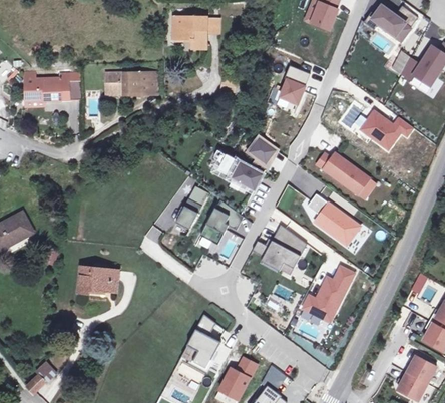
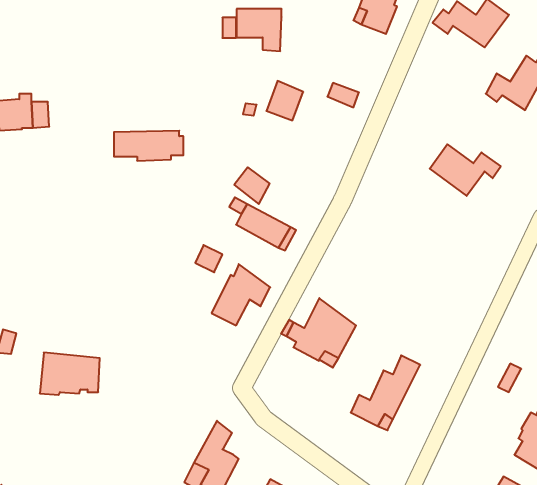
building: [173,17,206,48] -> [237,9,282,51]
building: [106,72,157,94] -> [114,131,183,161]
building: [278,75,305,104] -> [266,81,303,120]
building: [250,137,276,164] -> [234,167,270,204]
building: [317,152,369,193] -> none
building: [307,193,360,244] -> none
building: [175,197,201,229] -> none

